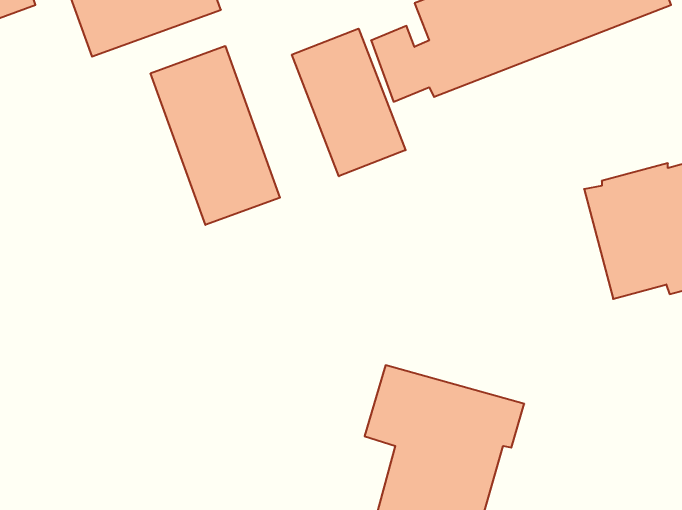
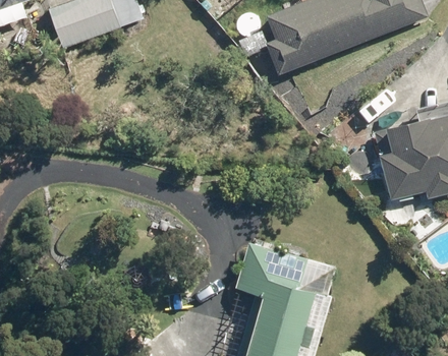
building: [292,29,406,176] -> none
building: [151,46,280,225] -> none

